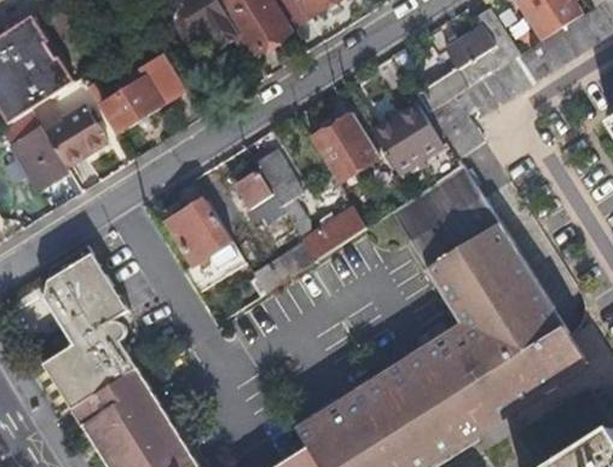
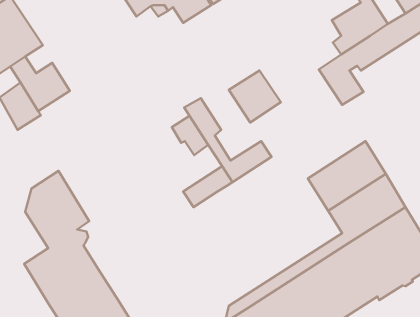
building: [99,52,185,131] -> none
building: [371,100,444,171] -> none
building: [387,165,488,253] -> none
building: [169,198,248,294] -> none

